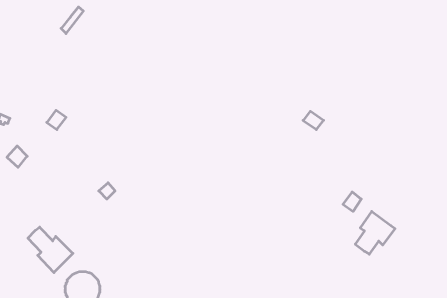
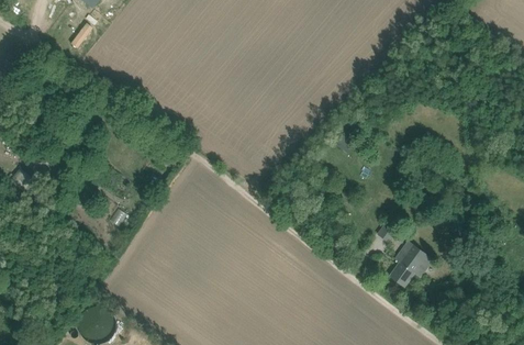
building: [28,227,73,273] -> none

